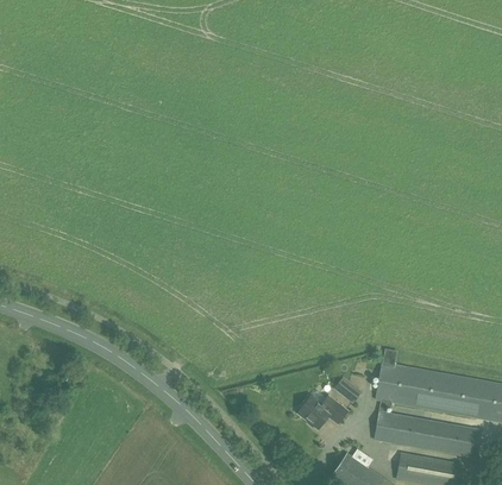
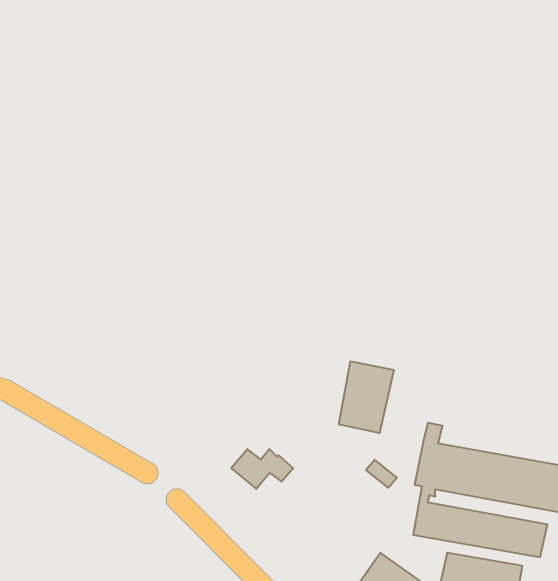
building: none -> [339,361,394,433]
building: [297,396,347,428] -> [231,449,293,489]

